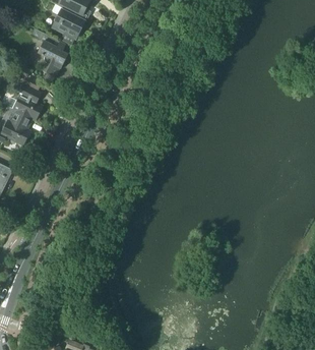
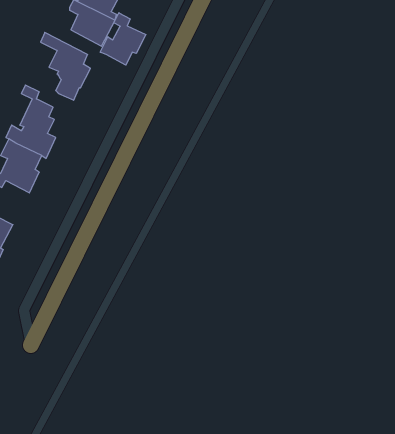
building: none -> [100,13,146,65]

